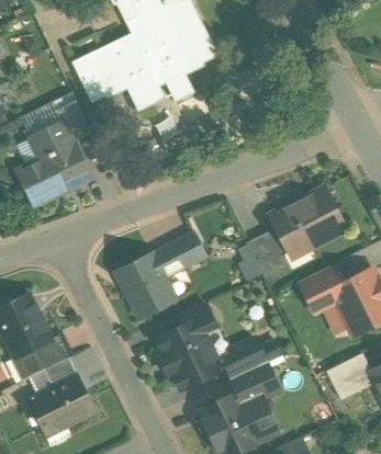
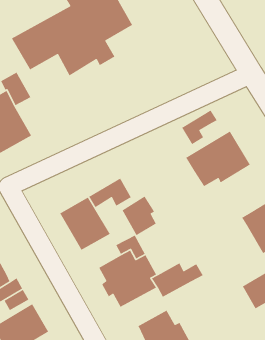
building: none -> [181,110,218,145]
building: [249,232,290,280] -> [121,196,157,236]
building: [300,264,344,311] -> none
building: [232,363,279,405] -> none

